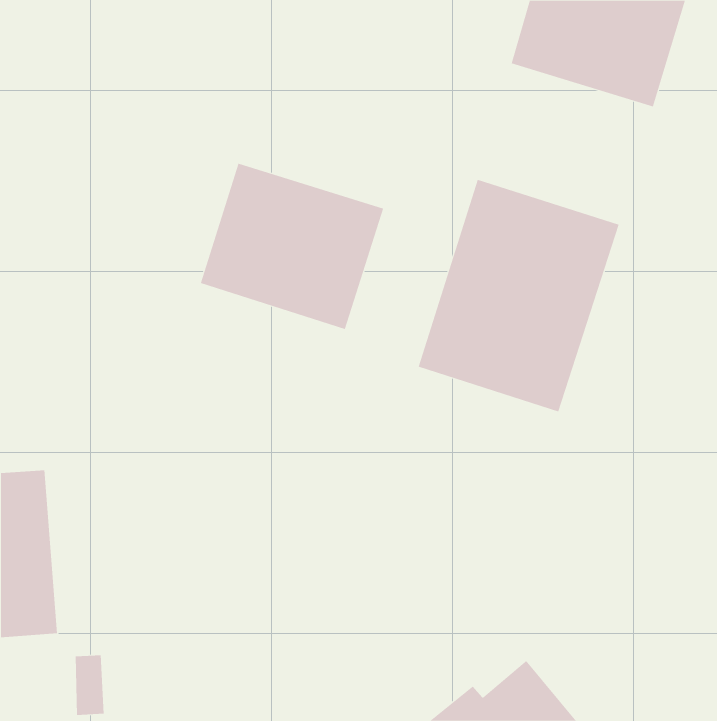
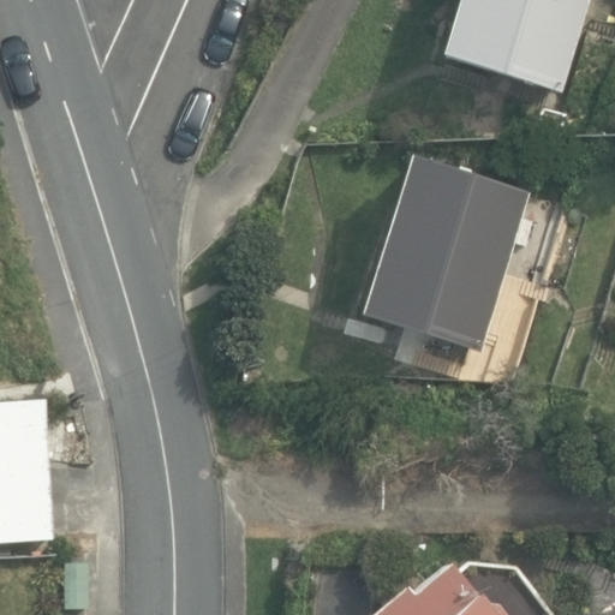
building: [200,163,384,330] -> none

